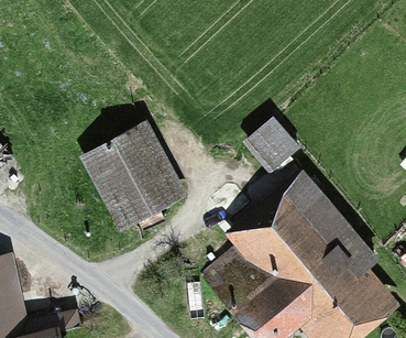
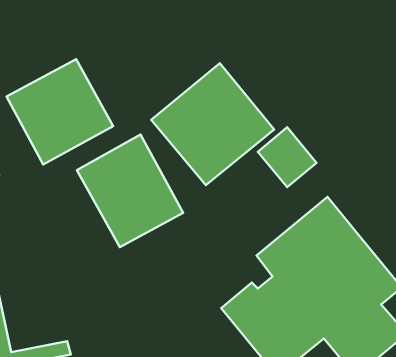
building: none -> [7,59,113,164]
building: none -> [151,63,274,185]

